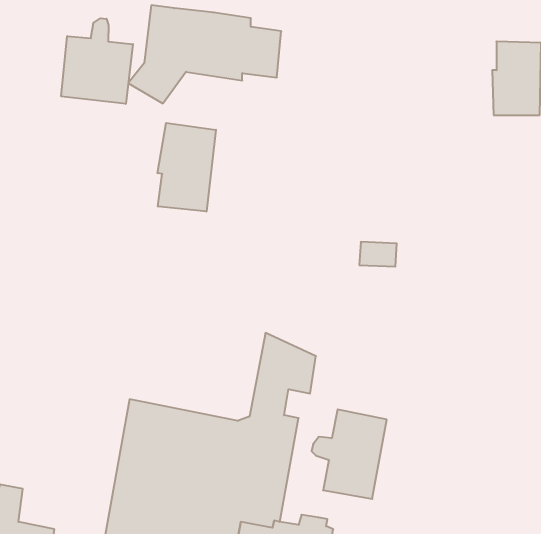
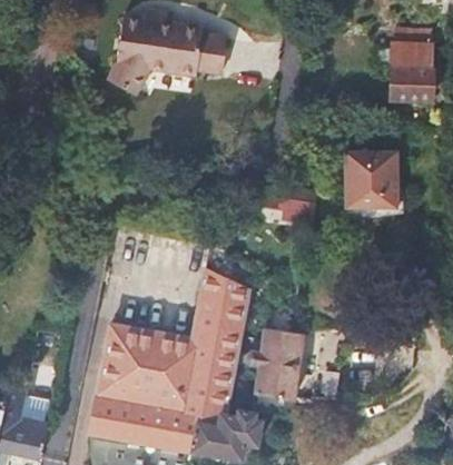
building: [61,18,133,104] -> none
building: [158,123,216,212] -> none
building: none -> [343,152,395,207]

